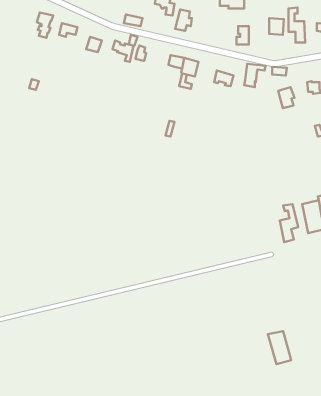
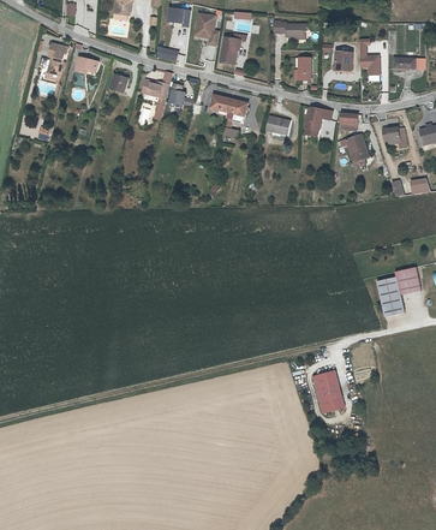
building: [280,204,298,242] -> none
building: [268,331,291,364] -> [316,371,345,412]

